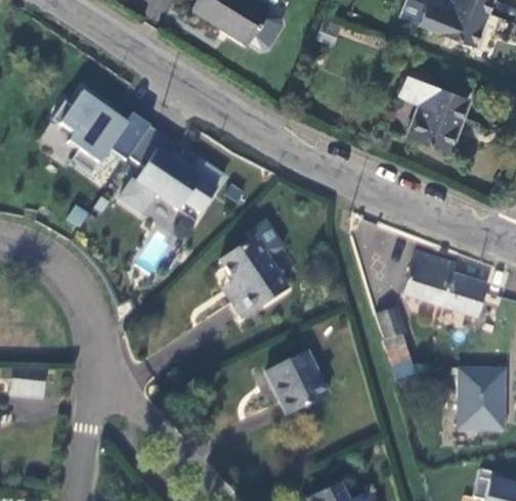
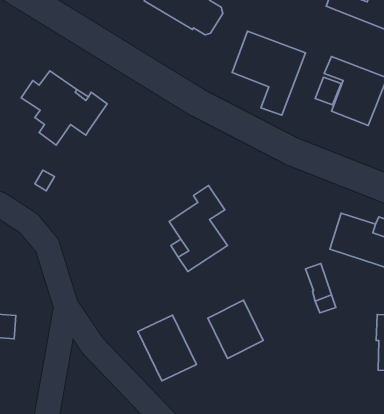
building: none -> [232,31,306,115]
building: [120,127,225,215] -> none
building: none -> [138,315,196,381]

